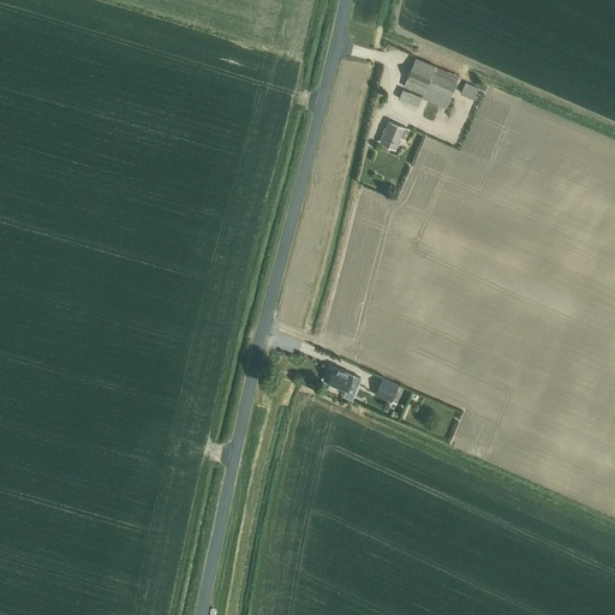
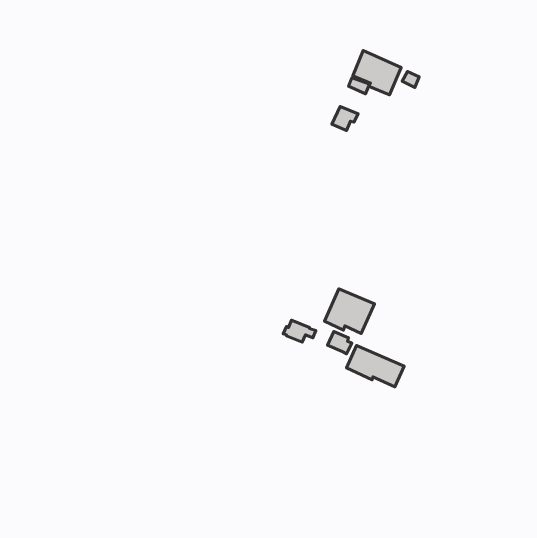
building: none -> [324,289,375,333]
building: none -> [346,345,404,387]

